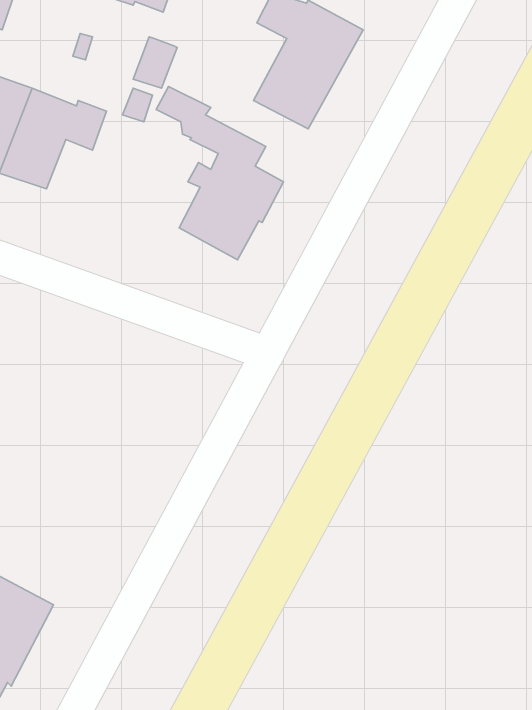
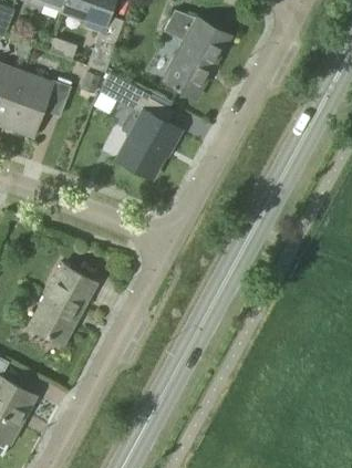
building: none -> [28,266,95,346]

